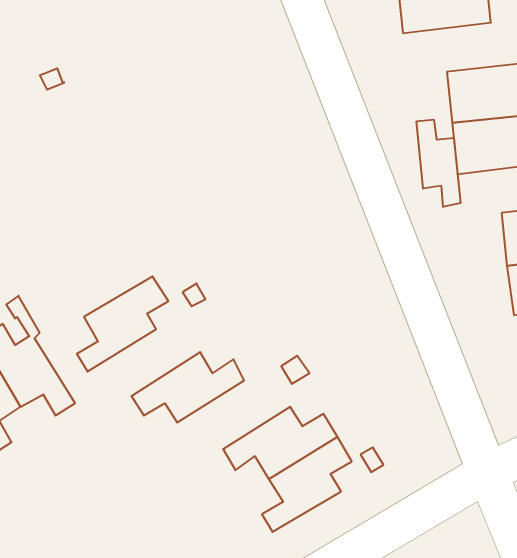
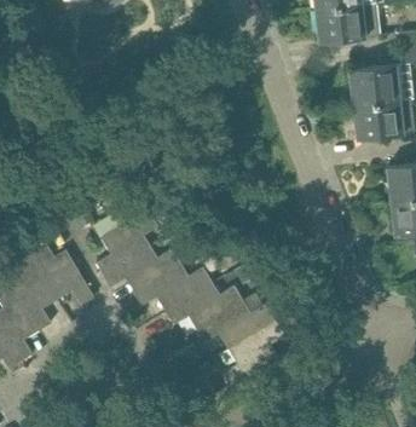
building: [417,120,460,207] -> none
building: none -> [103,246,180,292]
building: none -> [164,281,242,328]

